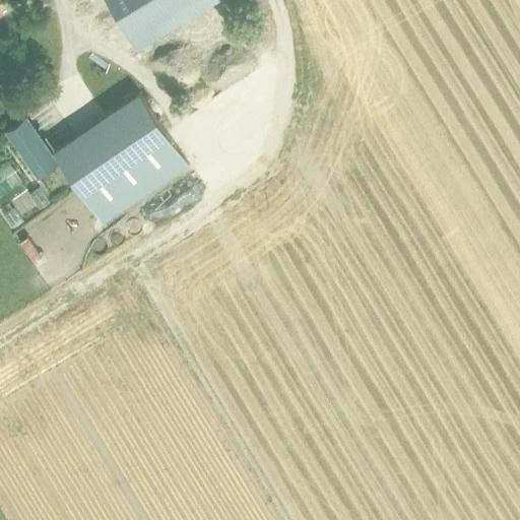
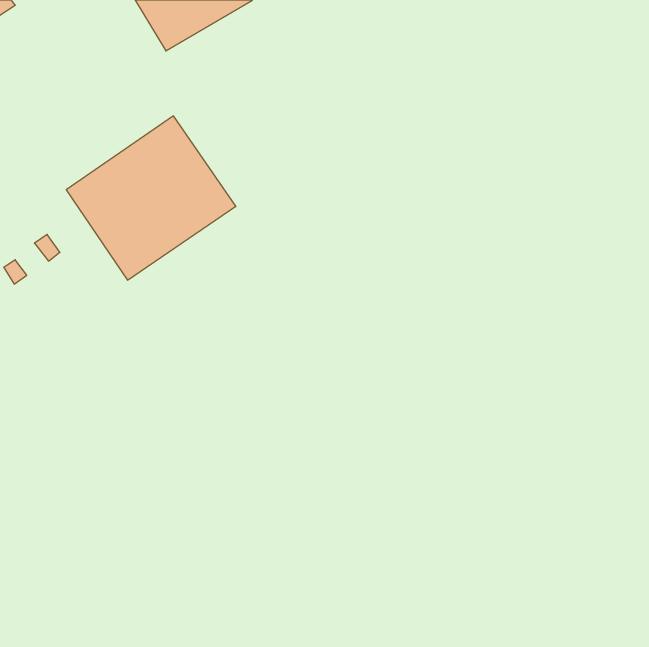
building: [5,120,56,181] -> none

